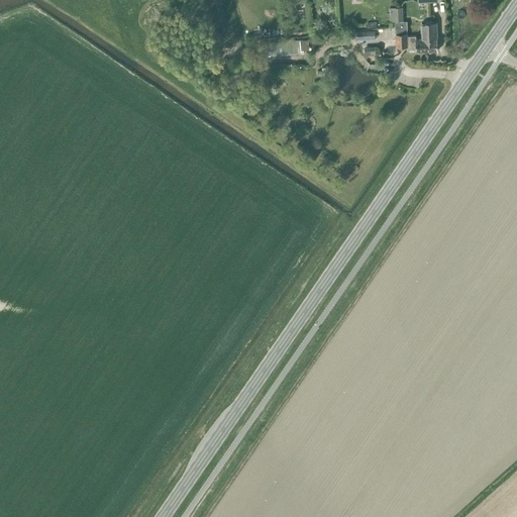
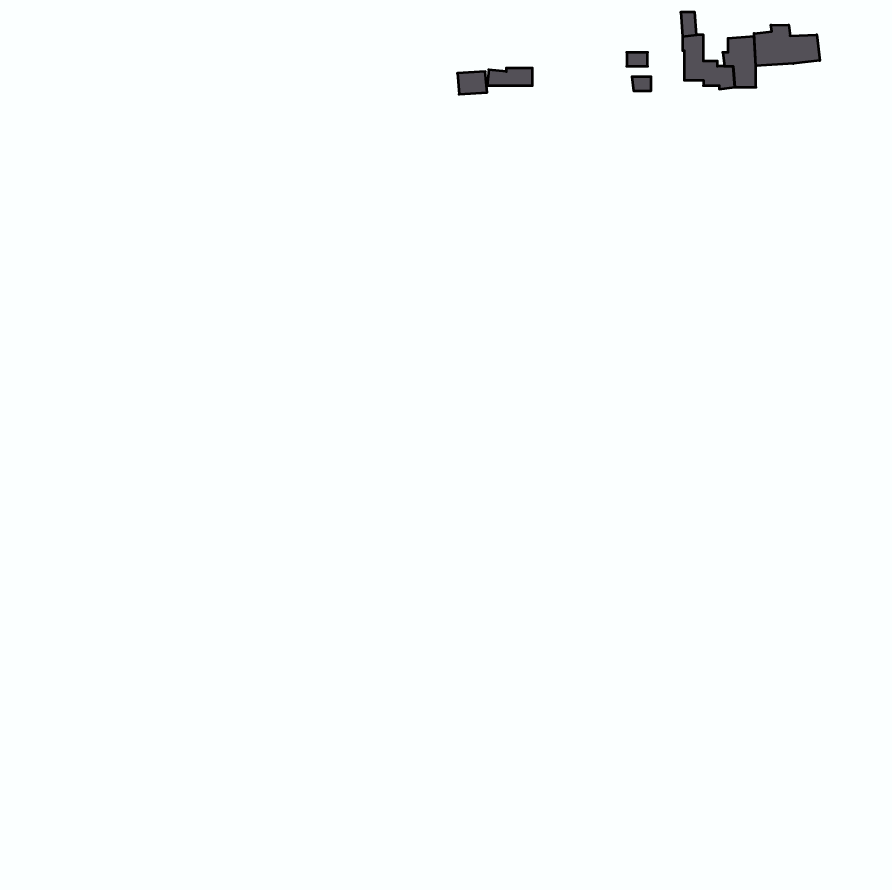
building: none -> [754,25,820,66]

